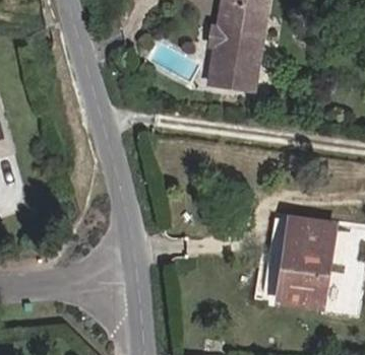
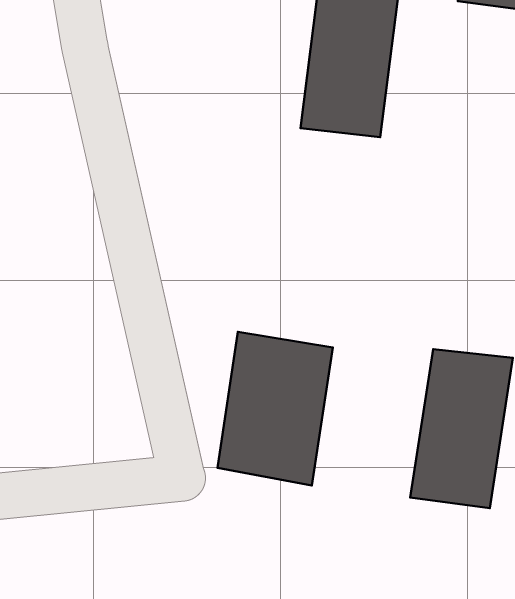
building: none -> [217,332,333,485]

